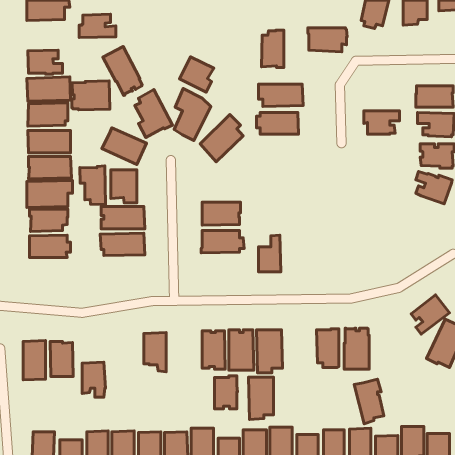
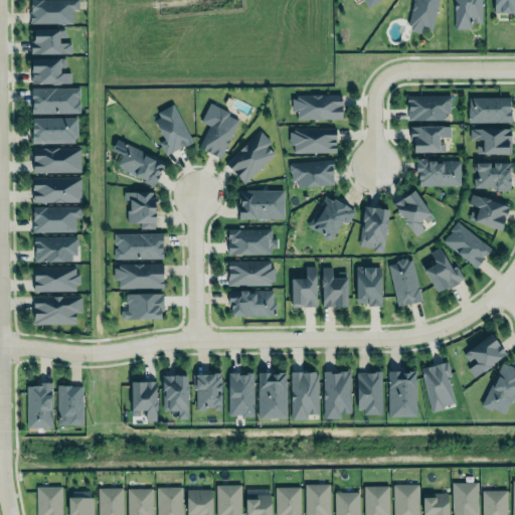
building: [79,14,116,38] -> [32,29,73,55]
building: [308,28,347,52] -> [408,96,453,123]
building: [261,30,284,68] -> none
building: [103,47,142,95] -> none
building: [179,57,214,92] -> none
building: [71,81,110,110] -> none
building: none -> [417,159,462,186]
building: none -> [290,160,335,188]
building: [80,166,105,205] -> none
building: none -> [395,190,435,237]
building: none -> [240,191,286,218]
building: none -> [308,196,357,240]
building: none -> [360,206,390,253]
building: none -> [443,223,492,270]
building: none -> [425,247,465,294]
building: none -> [389,260,422,308]
building: none -> [323,268,349,309]
building: none -> [357,269,382,307]
building: none -> [229,291,278,317]
building: none -> [122,294,165,321]
building: none -> [36,297,83,324]
building: [82,362,106,397] -> [133,382,159,421]
building: [214,376,238,409] -> [197,374,223,411]
building: [249,377,274,419] -> [324,372,352,419]
building: [354,379,384,424] -> [422,363,456,413]

